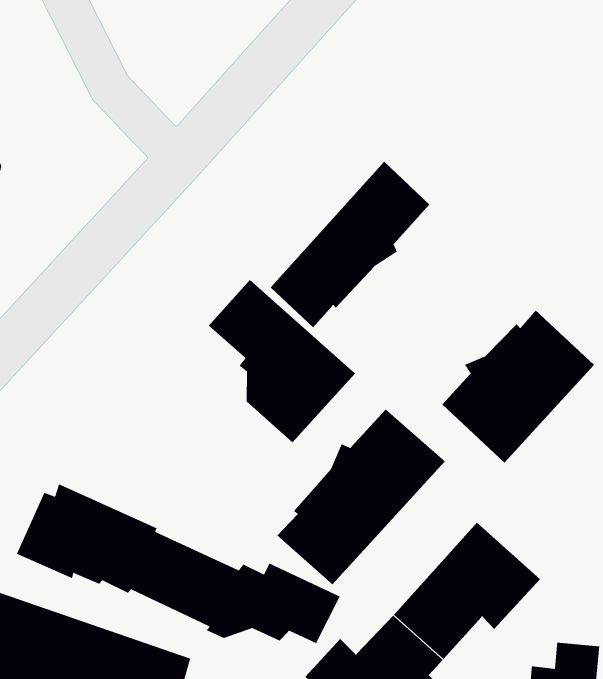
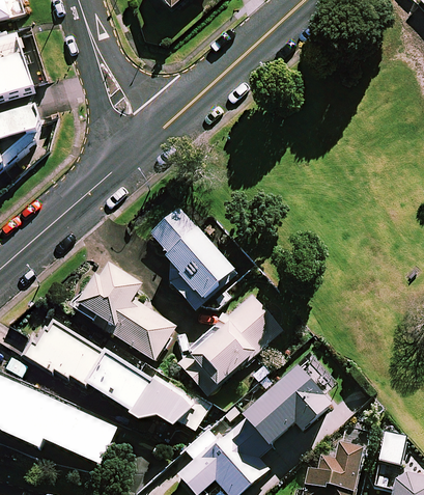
building: [270,161,430,328] -> none
building: [442,309,595,464] -> none
building: none -> [77,264,176,359]

